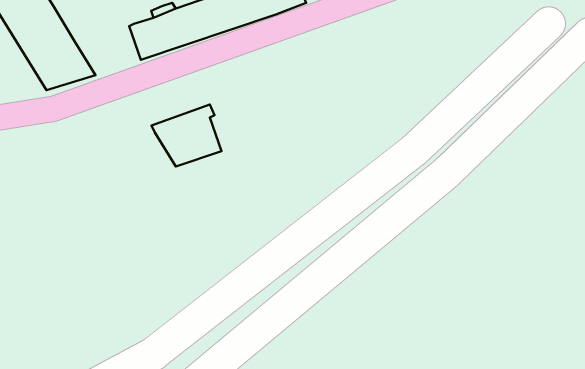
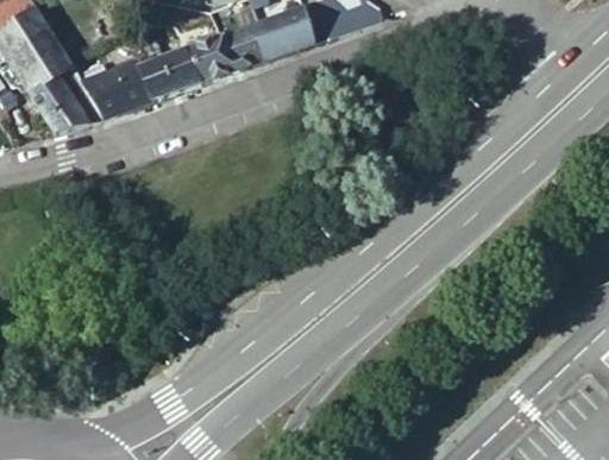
building: [151,105,221,166] -> [77,53,149,116]

